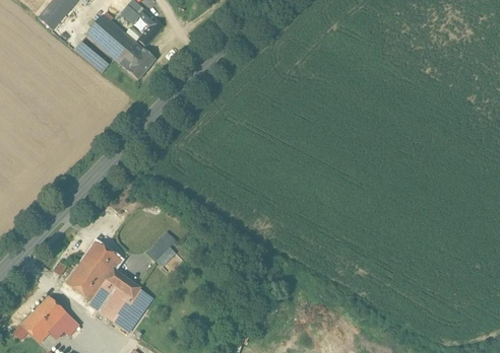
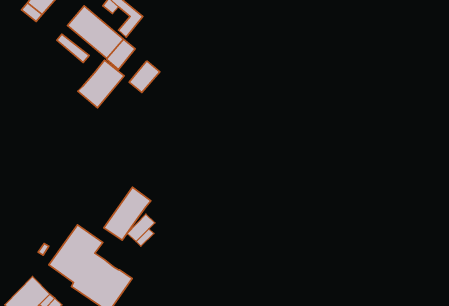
building: none -> [78,60,124,108]
building: none -> [129,61,160,93]
building: none -> [104,187,151,240]

